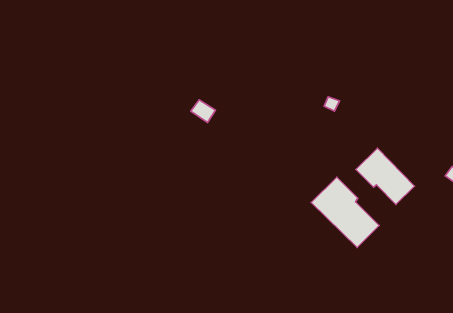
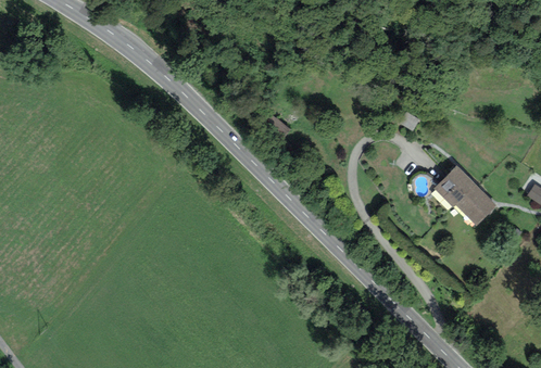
building: [311,177,379,247] -> none

